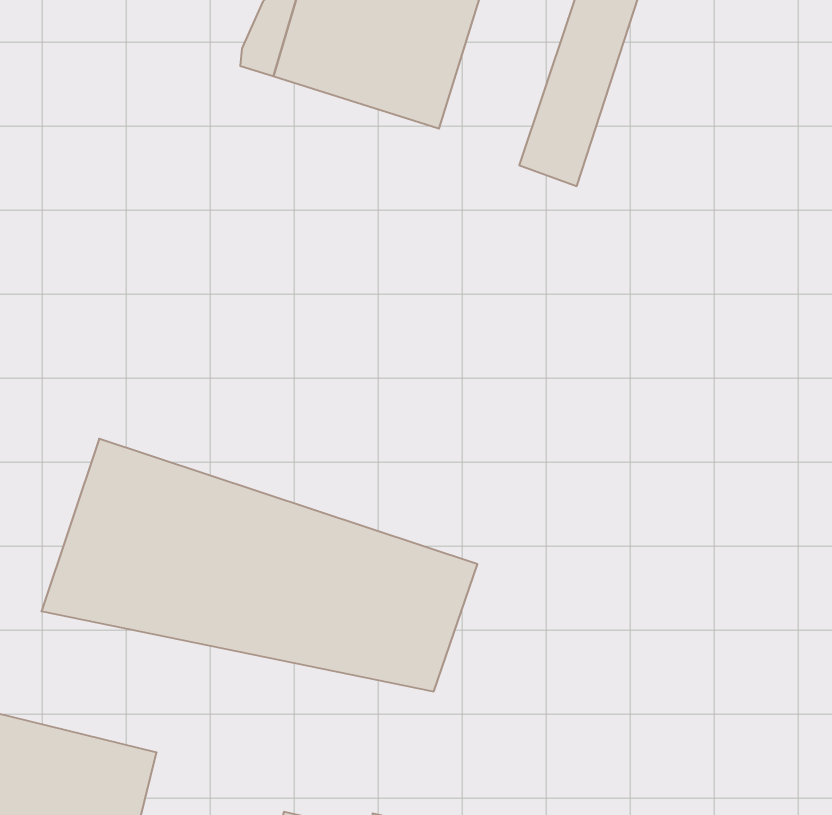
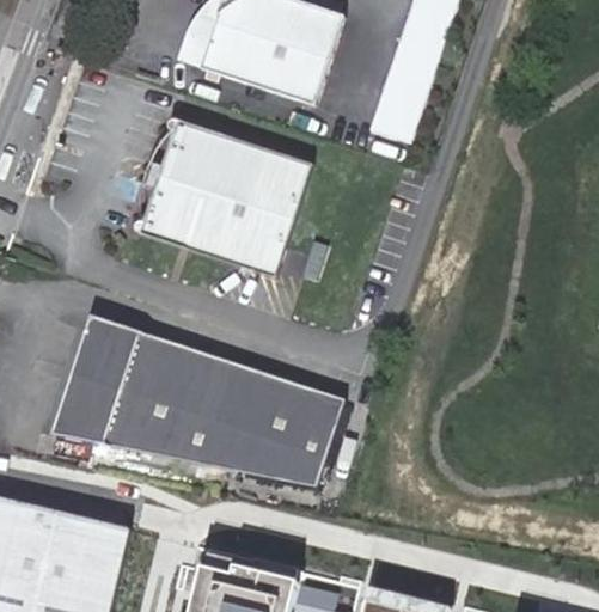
building: none -> [140,116,314,274]

